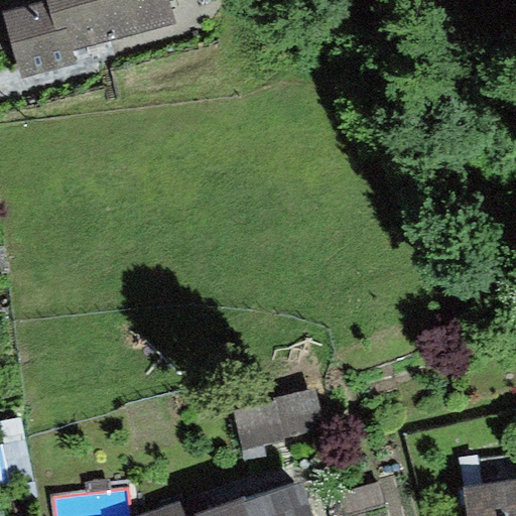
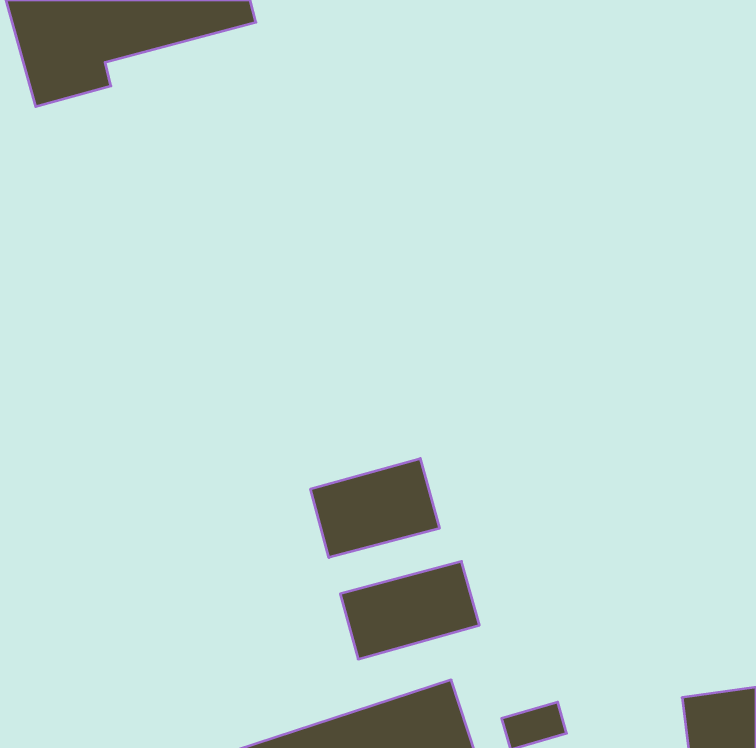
building: none -> [311,458,439,558]

